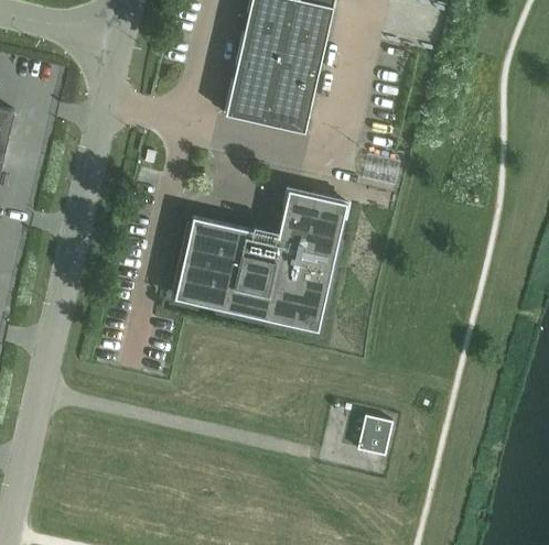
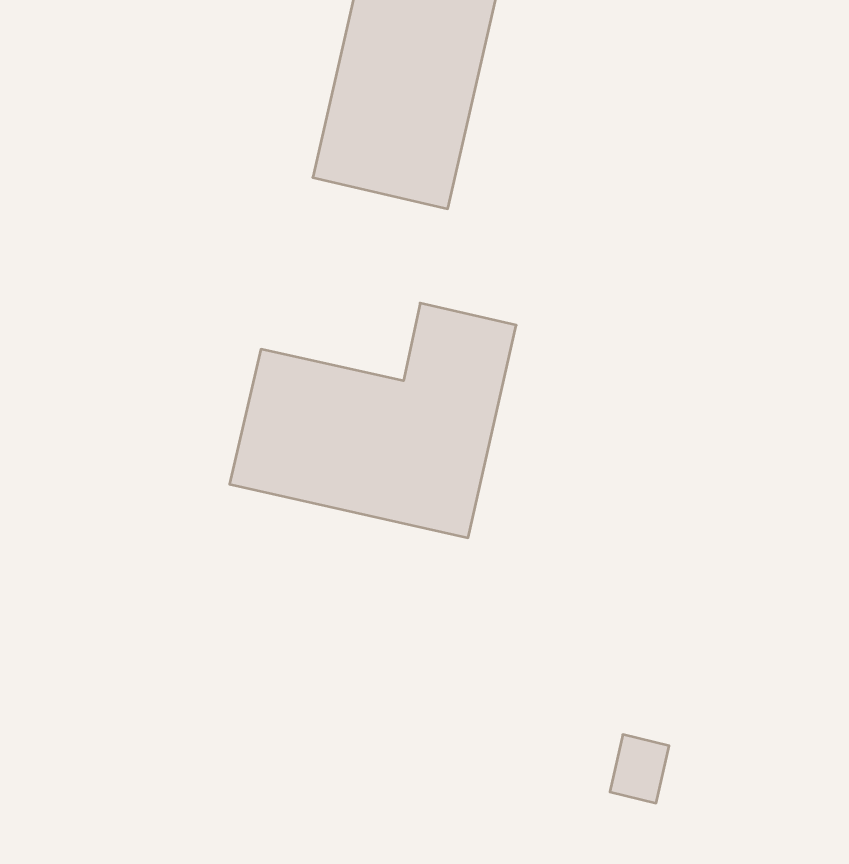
building: [357,416,392,457] -> [610,735,669,803]

